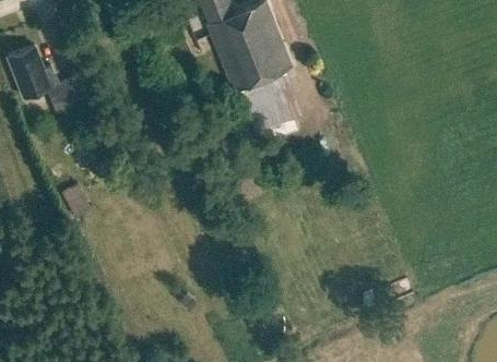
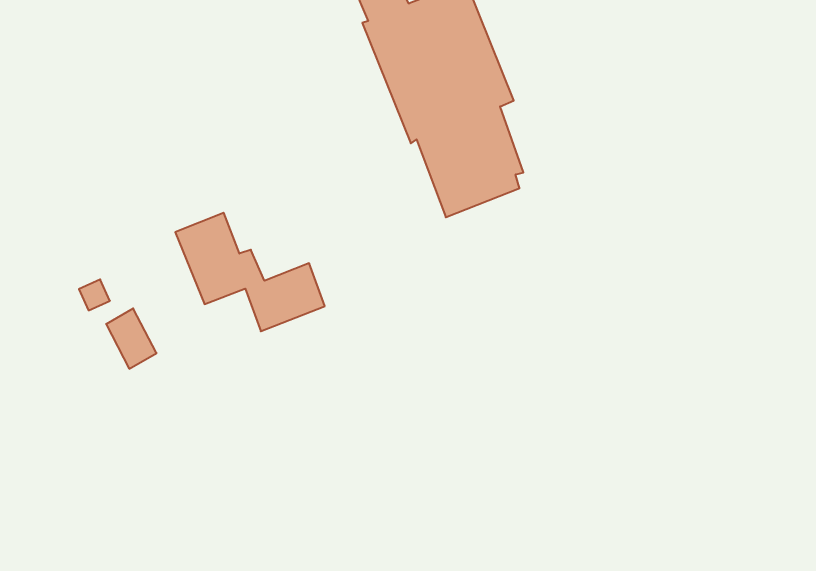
building: [8,45,92,111] -> [175,213,325,331]

